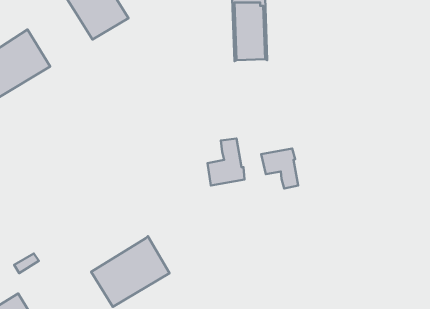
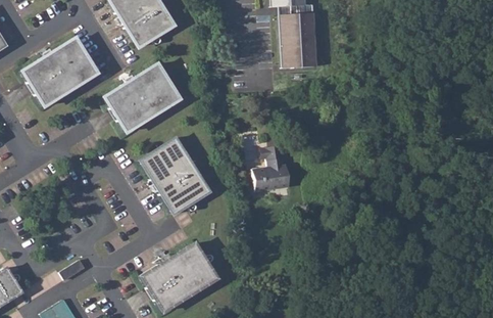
building: none -> [104,62,181,133]
building: none -> [141,138,209,214]
building: [261,149,298,189] -> none

